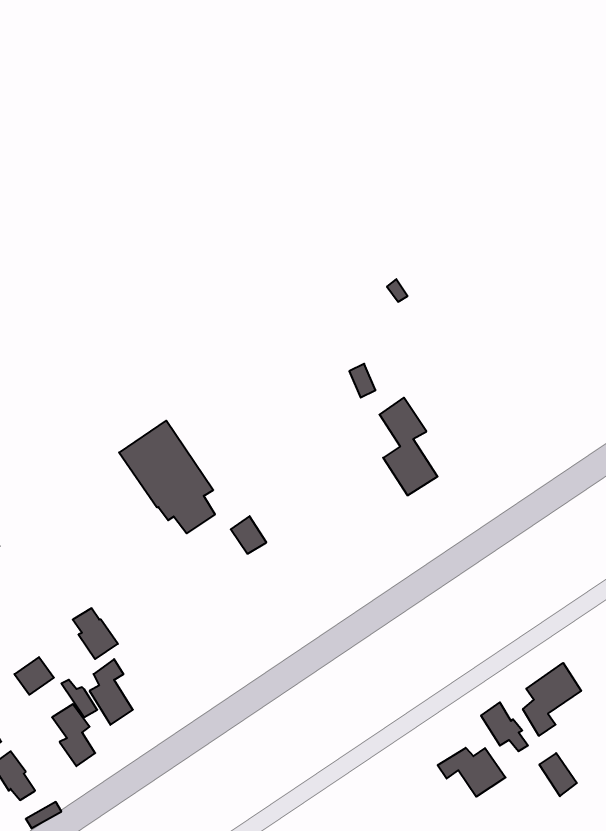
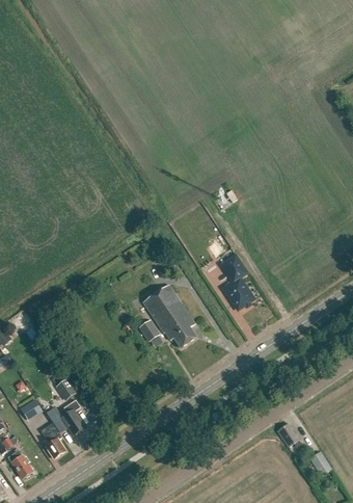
building: [119,421,215,533] -> [143,285,196,347]
building: [523,663,581,736] -> none
building: [438,748,506,797] -> none

